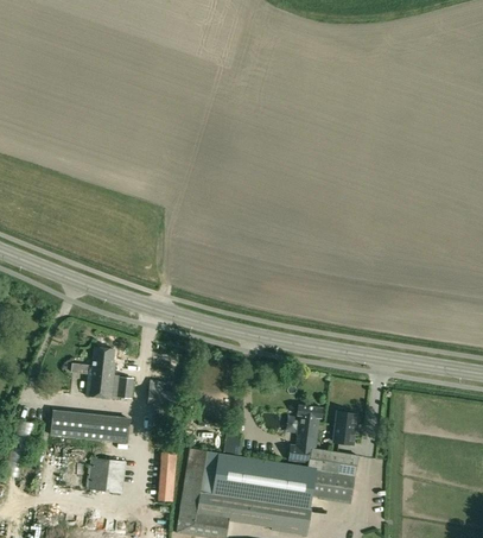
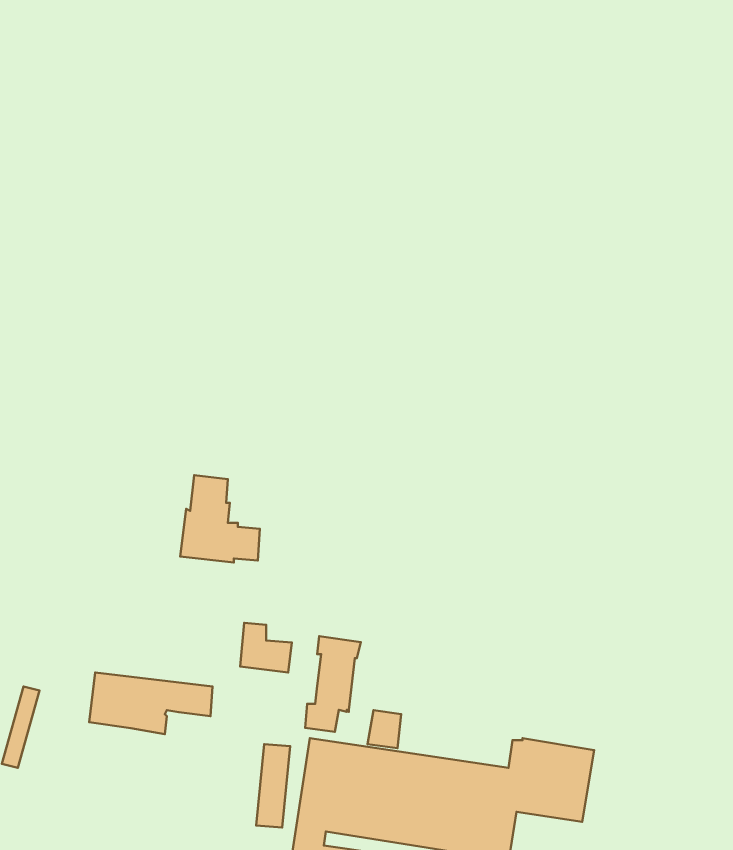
building: [85,347,133,399] -> [180,475,260,563]
building: [290,405,323,462] -> [305,636,361,732]
building: [332,410,356,444] -> none
building: [88,458,126,494] -> none

